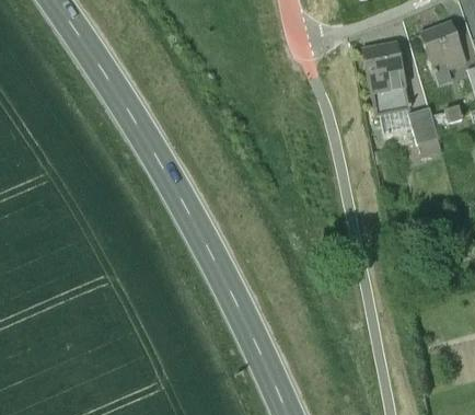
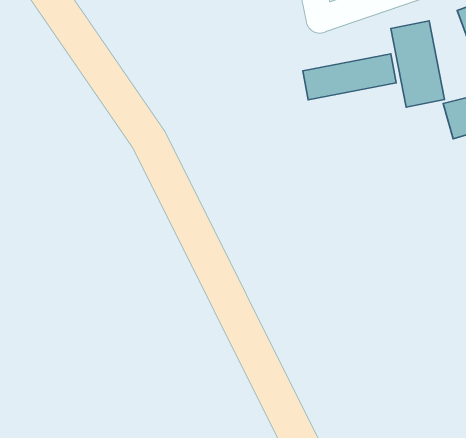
building: none -> [303,54,396,100]

